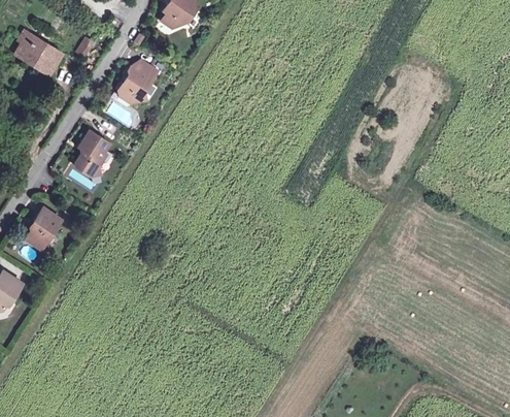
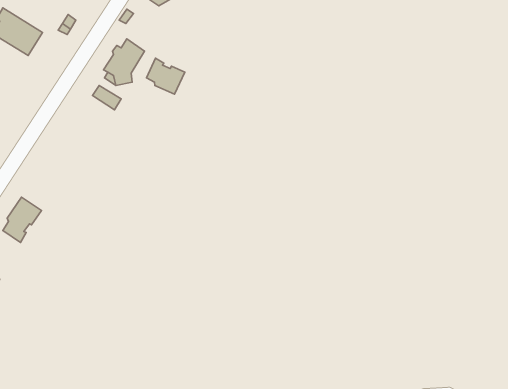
building: none -> [146,58,185,94]
building: [76,130,110,177] -> none

